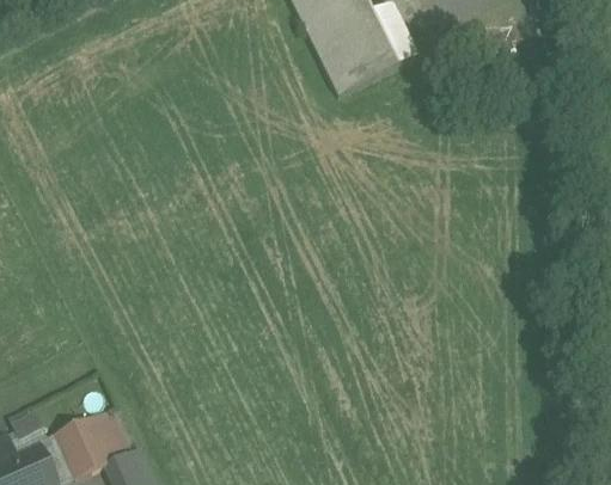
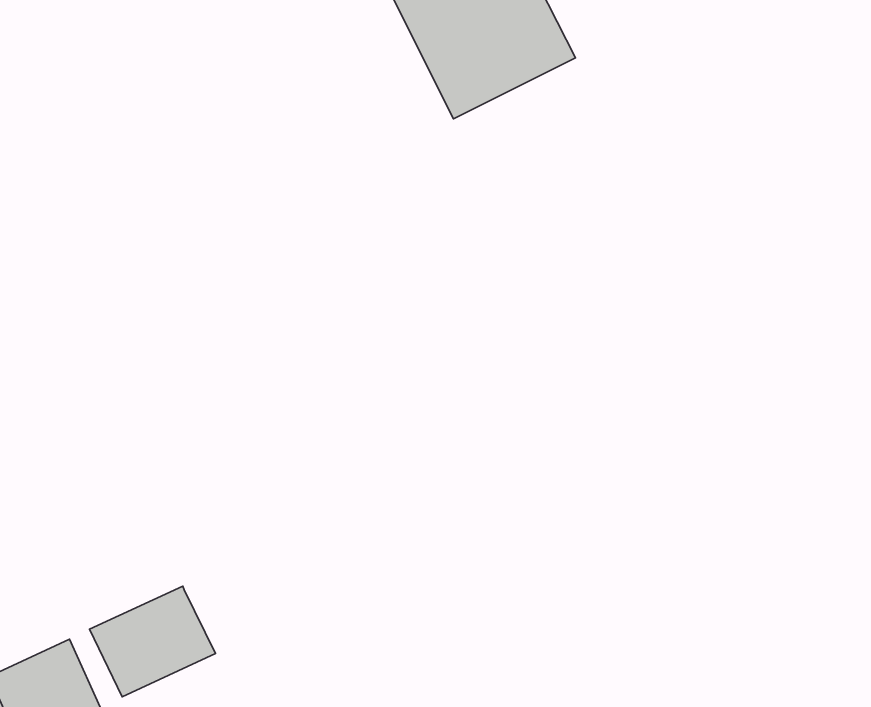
building: none -> [89,586,215,697]

